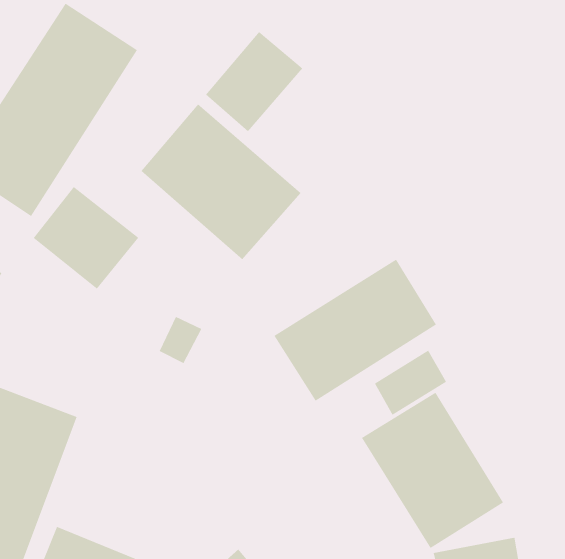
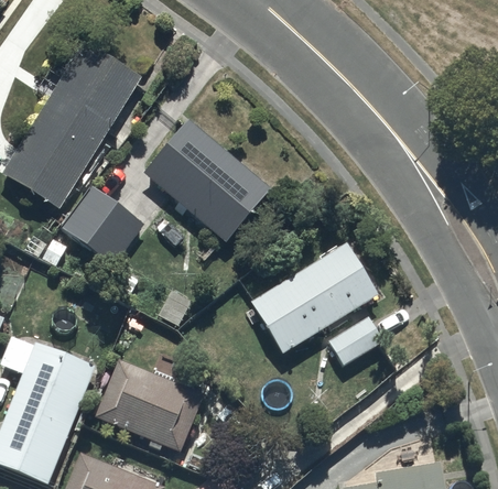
building: [205,31,303,132] -> none
building: [361,392,504,549] -> none
building: none -> [95,358,203,453]

